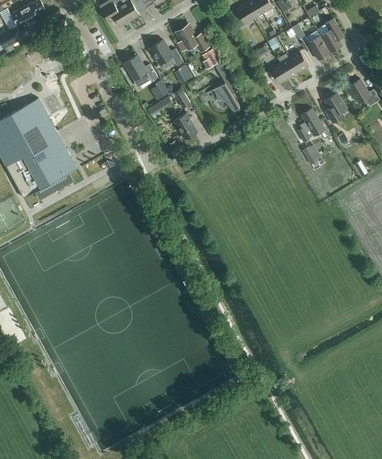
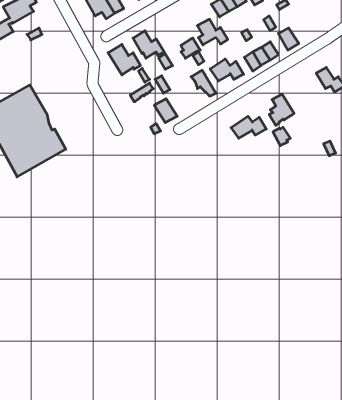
building: [320,18,342,52] -> none
building: [175,24,208,52] -> [197,19,228,45]
building: none -> [210,59,244,81]
building: [324,93,345,123] -> none
building: none -> [231,116,266,138]

